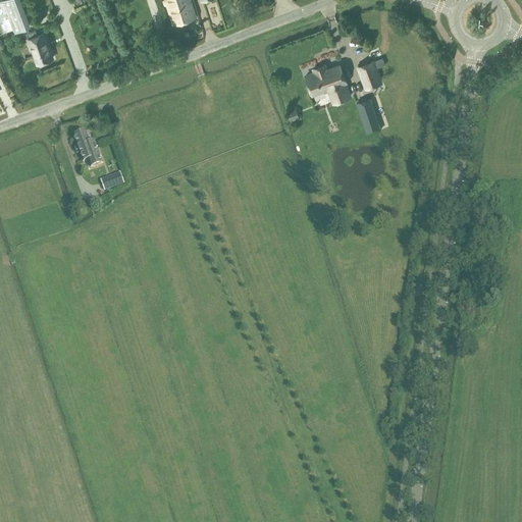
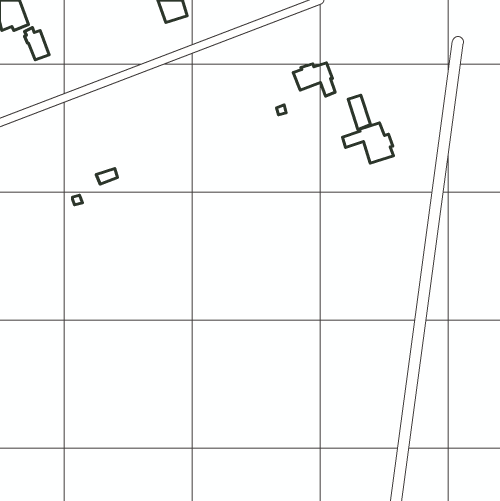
building: [357,58,384,88] -> none
building: none -> [343,123,393,163]
building: [73,133,101,168] -> none

